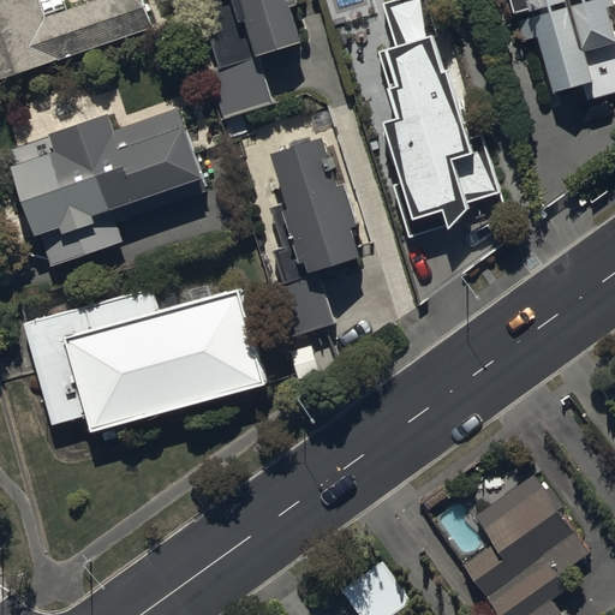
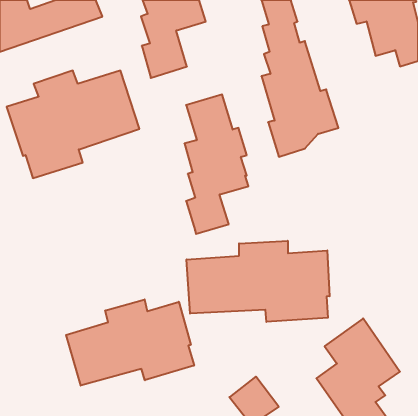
building: [24,285,267,434] -> none
building: none -> [187,241,330,322]
building: none -> [66,299,194,386]

